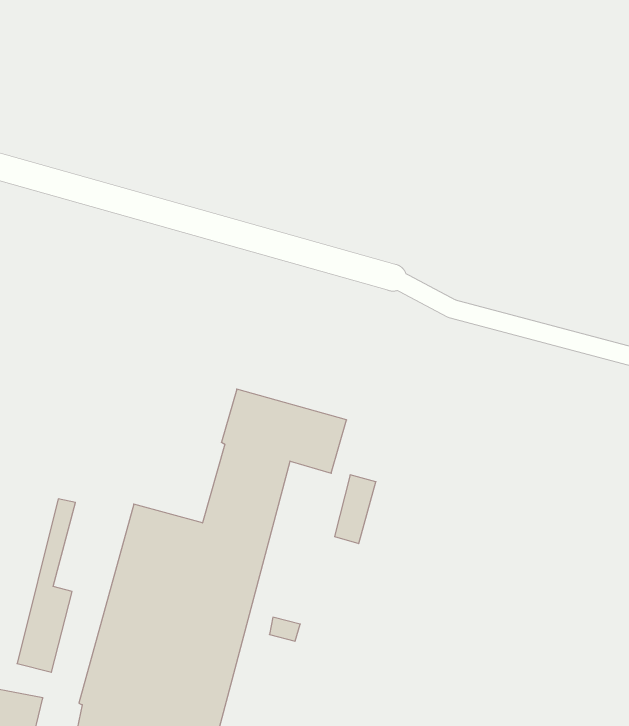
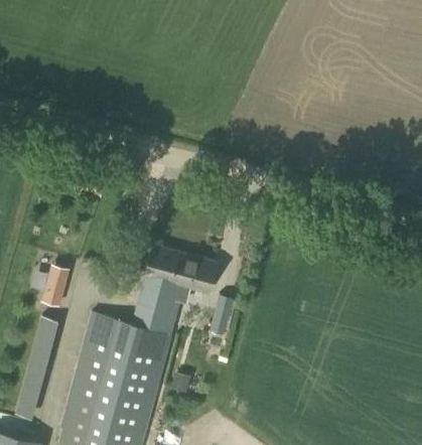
building: none -> [41,266,69,308]

